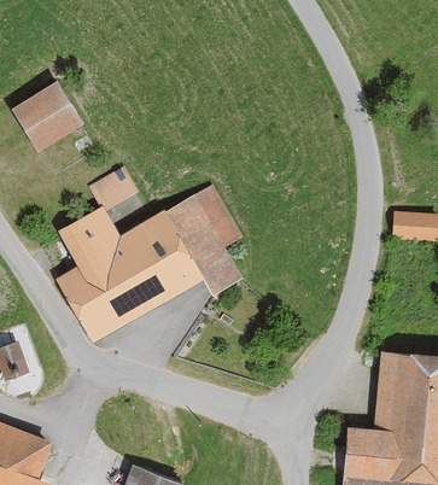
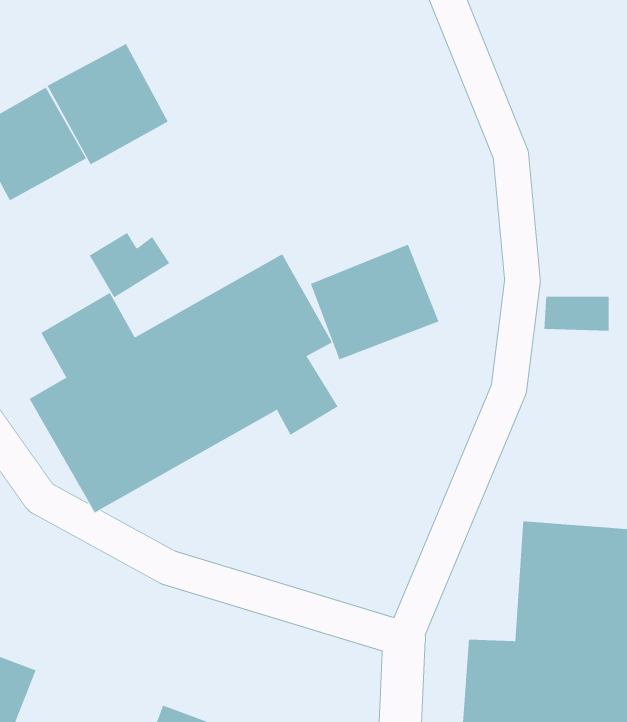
building: none -> [47,43,168,165]
building: none -> [310,244,439,360]

